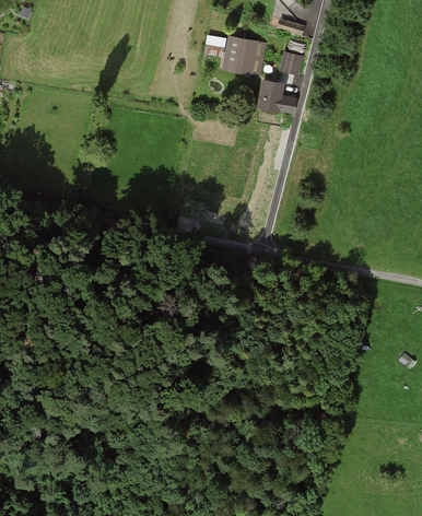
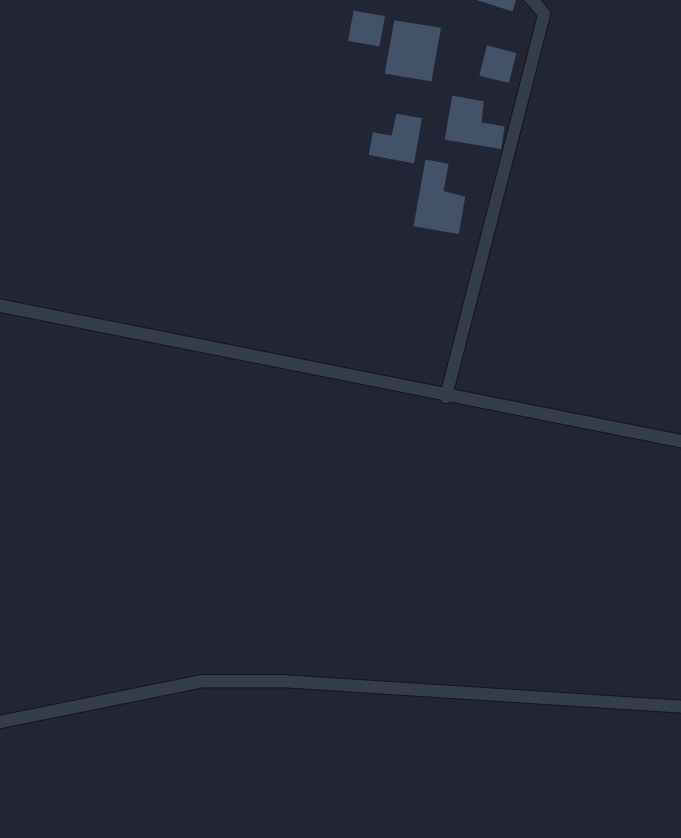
building: none -> [368,113,423,164]
building: none -> [413,159,466,235]

